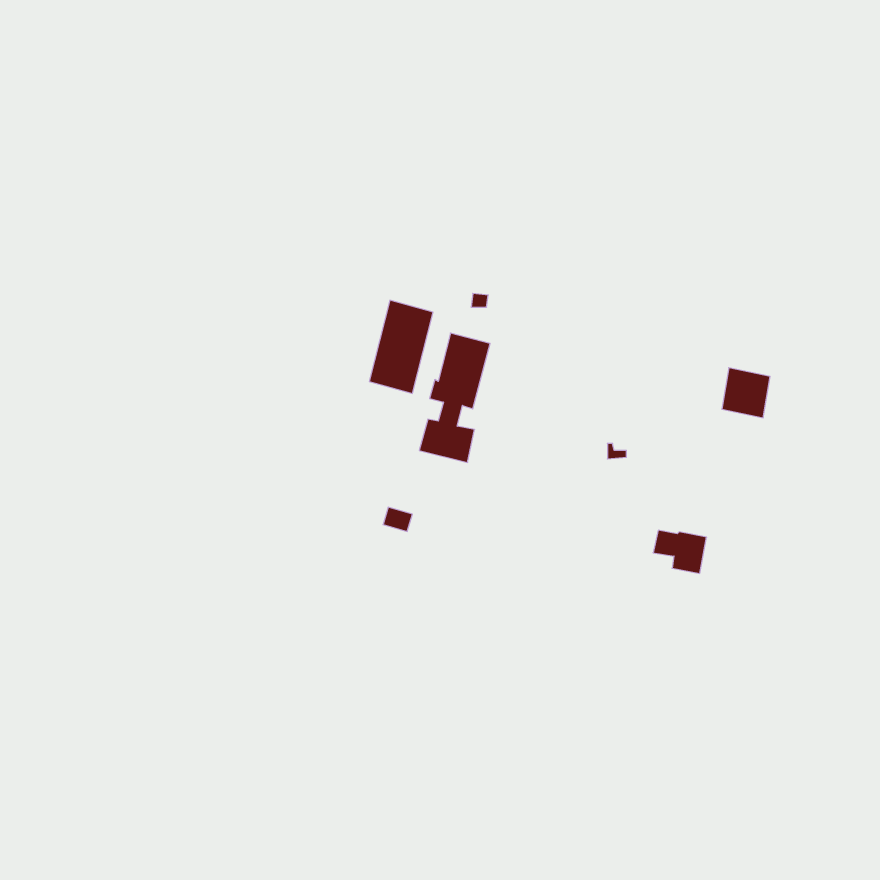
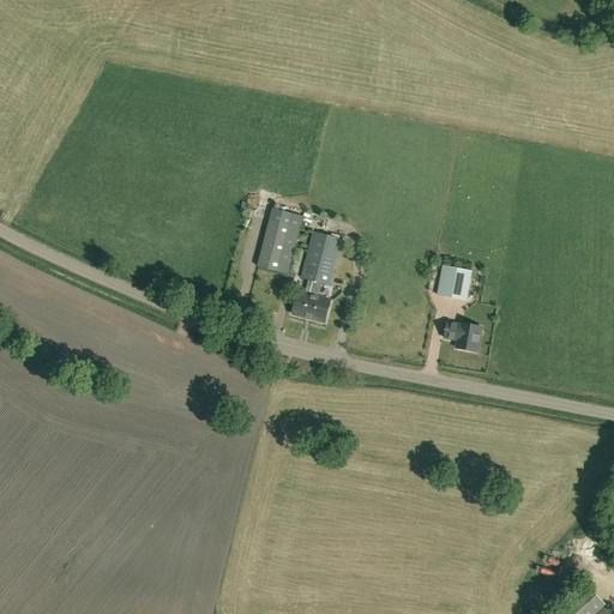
building: [722,368,770,418] -> [437,265,470,300]
building: [653,530,707,573] -> [443,321,480,351]

